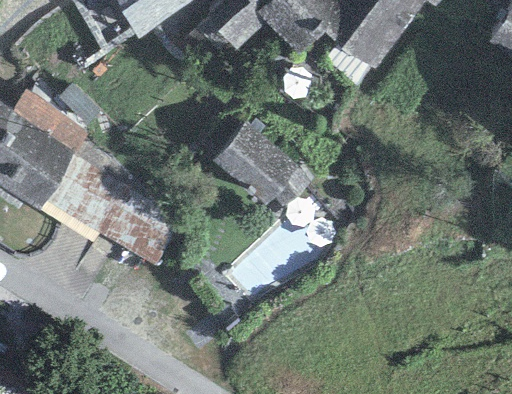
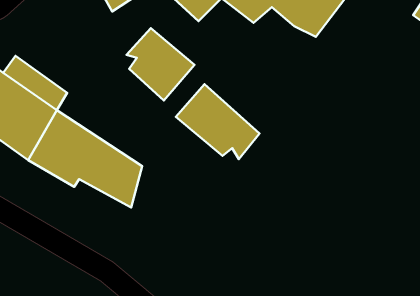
building: none -> [127,28,195,100]

